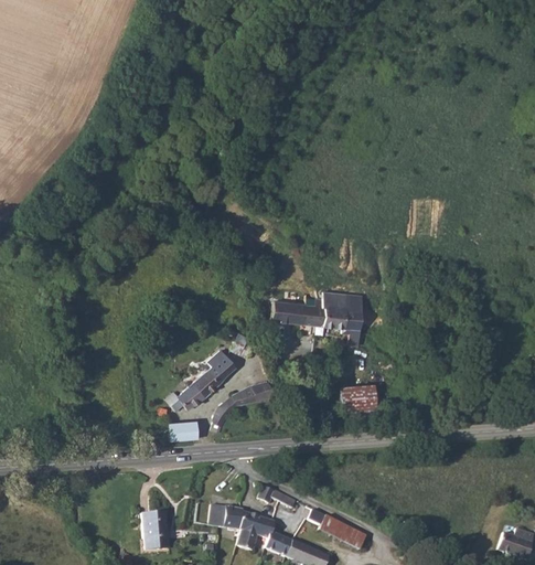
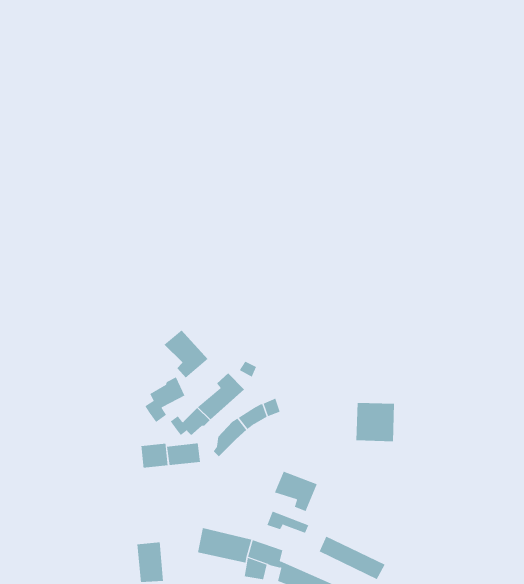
building: [274,295,364,351] -> none
building: none -> [164,329,209,378]
building: none -> [145,376,185,423]
building: none -> [141,443,168,469]
building: none -> [274,471,318,512]

